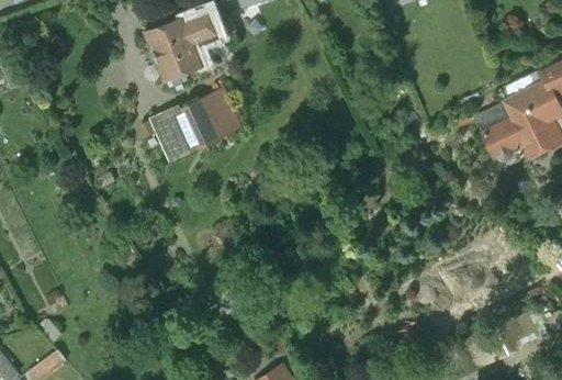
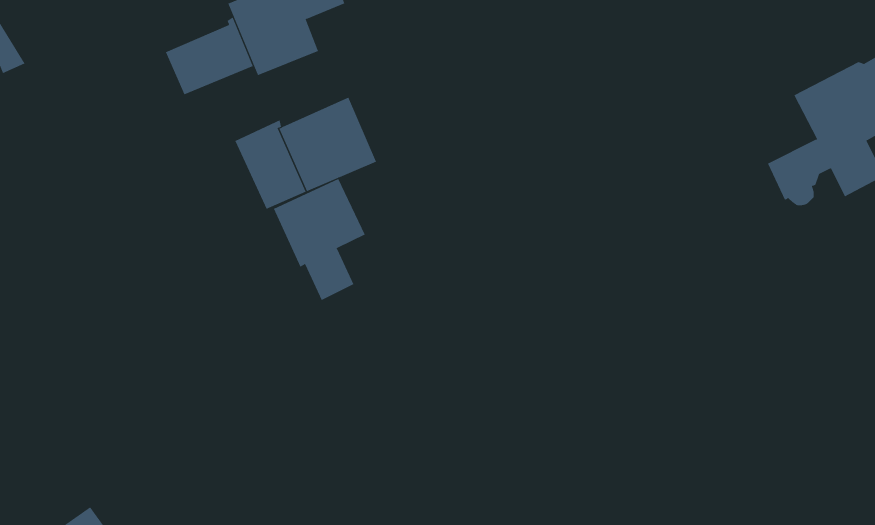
building: none -> [165,16,254,95]
building: none -> [273,178,366,301]

